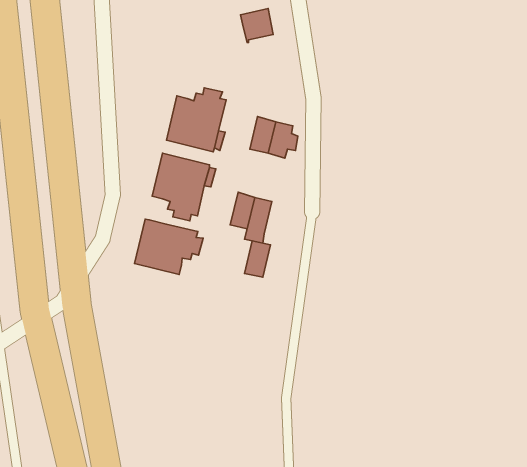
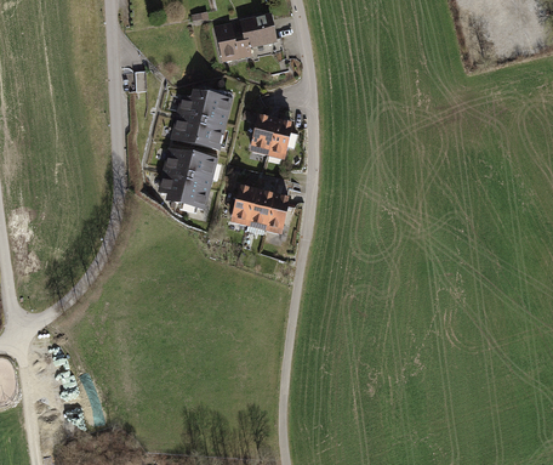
building: none -> [215,23,250,57]
building: [135,219,203,275] -> none
building: [244,241,271,277] -> [264,194,289,228]

